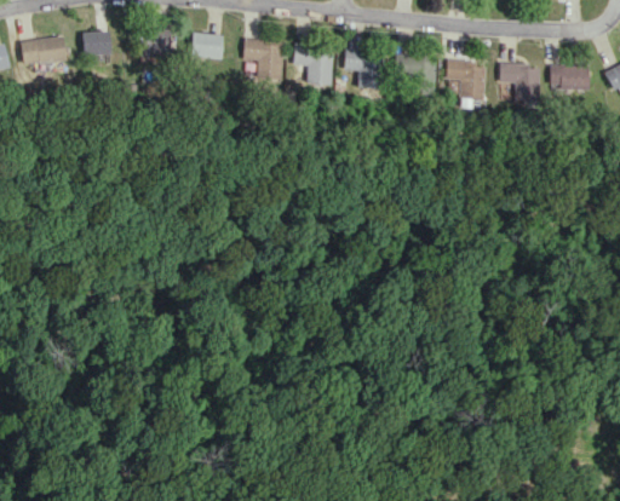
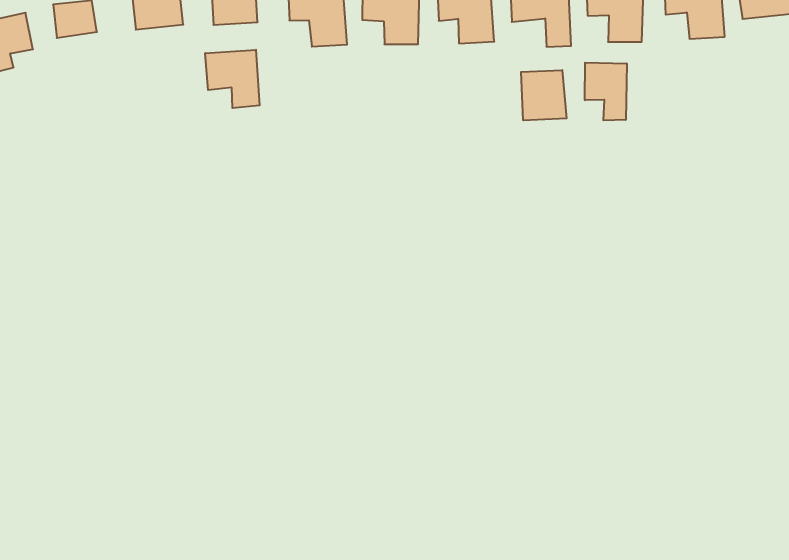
building: none -> [205,50,260,108]
building: none -> [585,63,627,120]
building: none -> [521,70,567,120]

